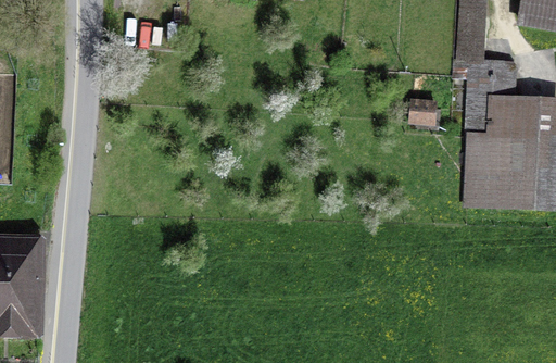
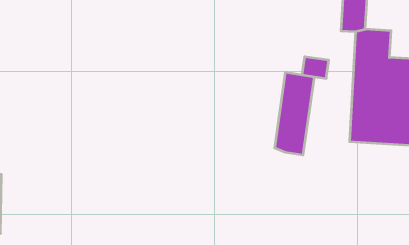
building: none -> [275,72,314,155]

